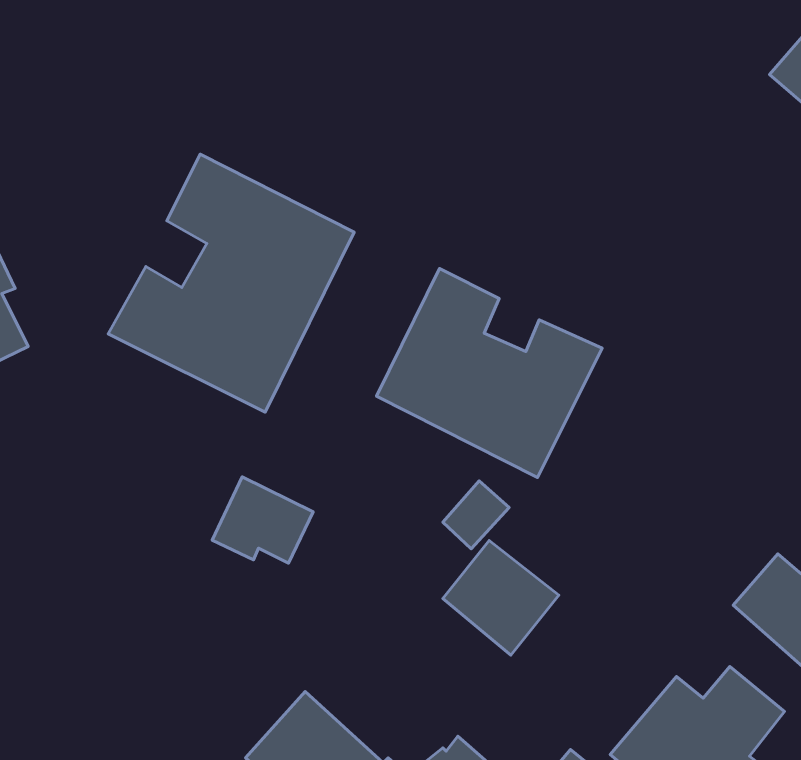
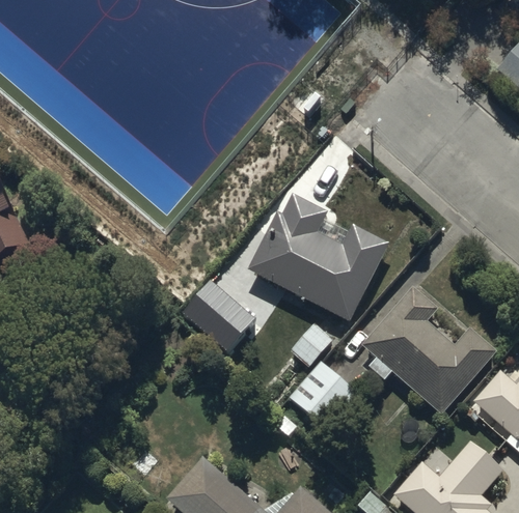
building: [108,154,354,412] -> none
building: none -> [364,288,495,415]
building: [212,477,313,563] -> [194,280,257,334]

